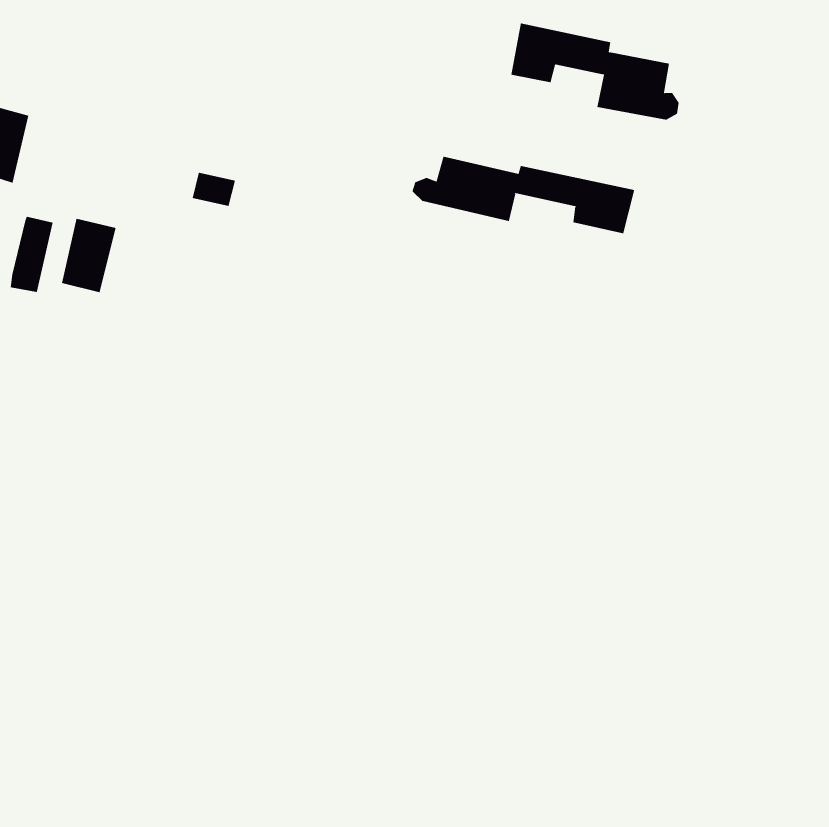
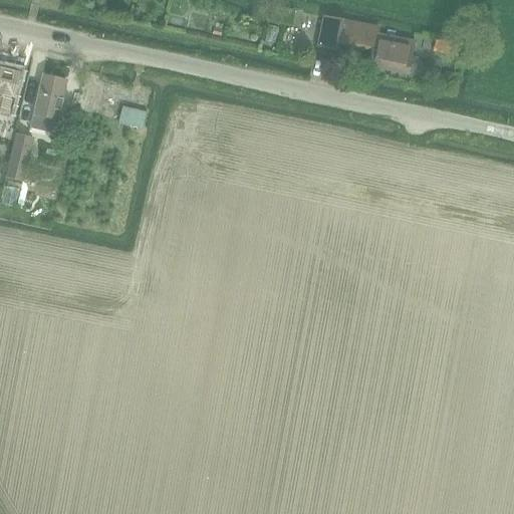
building: [412,156,635,234] -> none
building: [61,218,116,293] -> [33,75,67,121]

